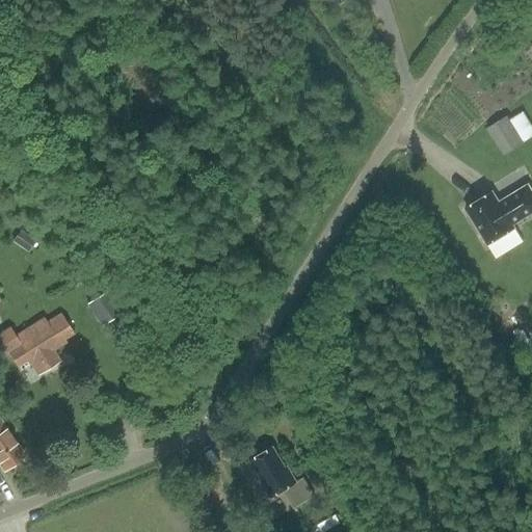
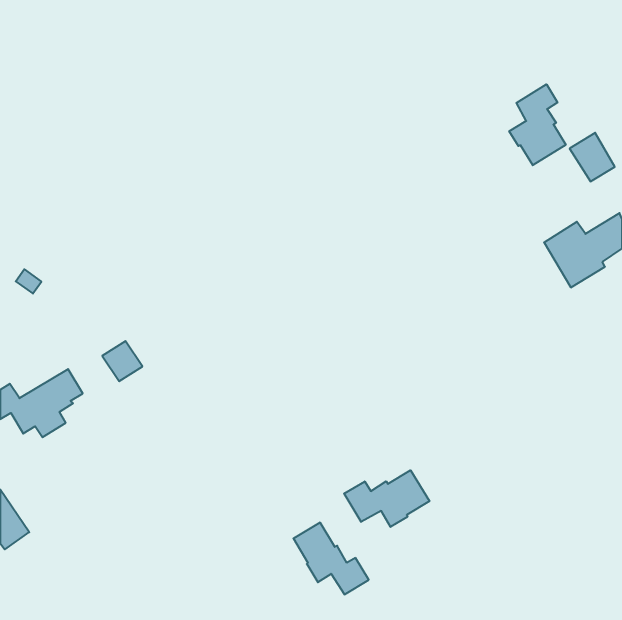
building: none -> [509,84,566,165]
building: none -> [344,470,429,527]

